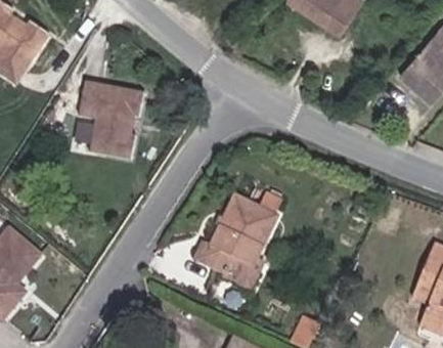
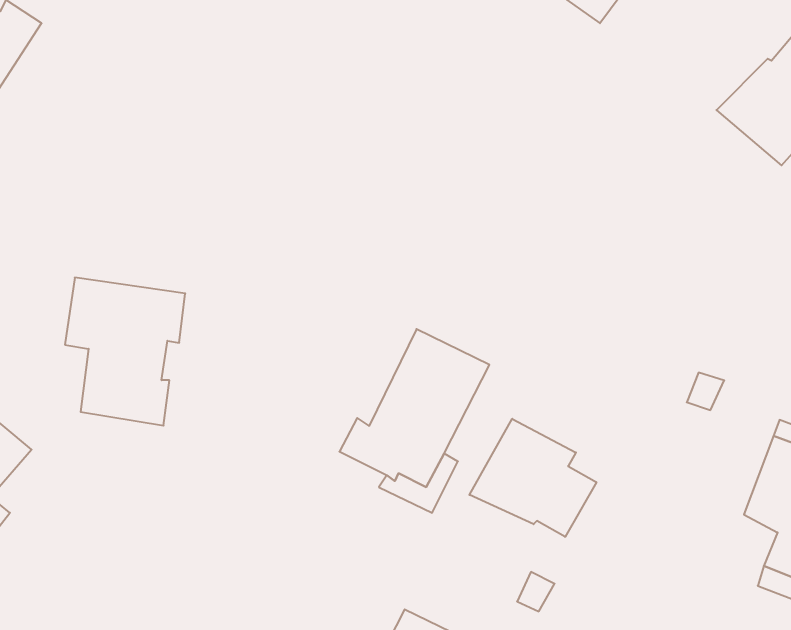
building: [83,85,145,162] -> [65,278,185,426]
building: none -> [469,419,596,537]

